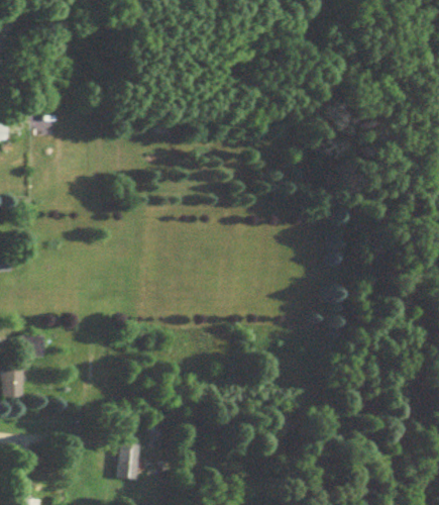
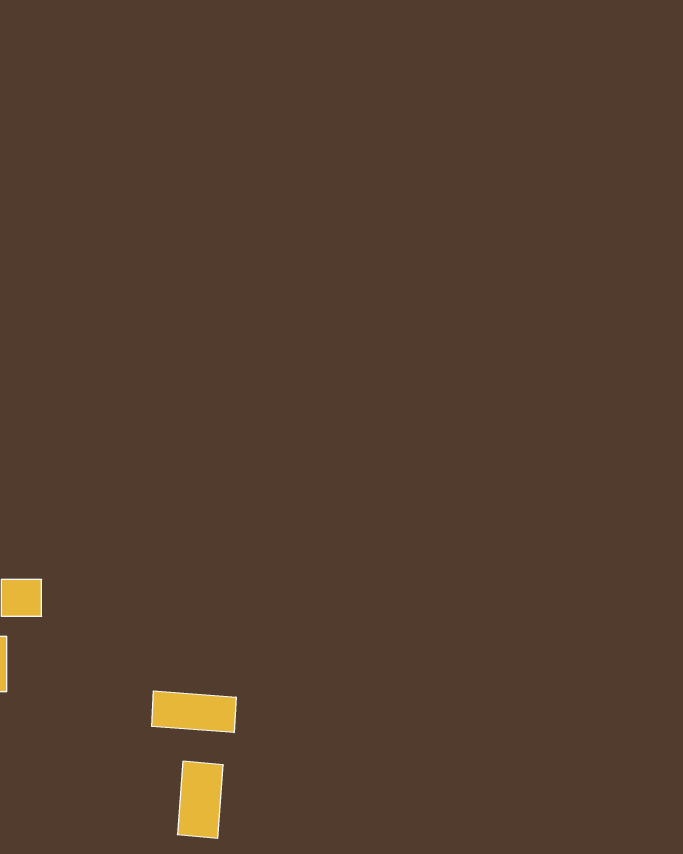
building: none -> [152,691,236,733]

